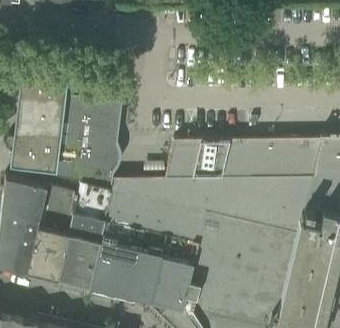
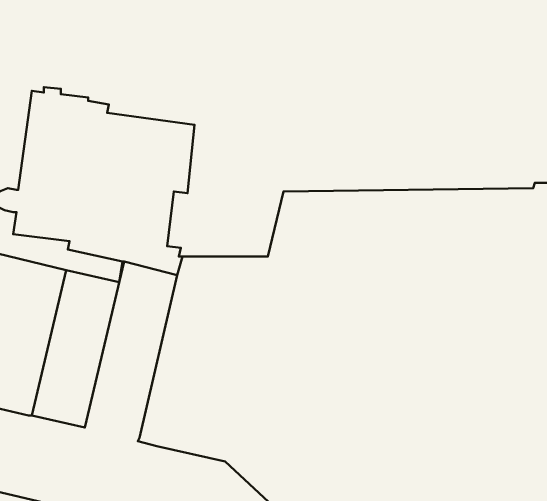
building: [58,180,112,284] -> none

